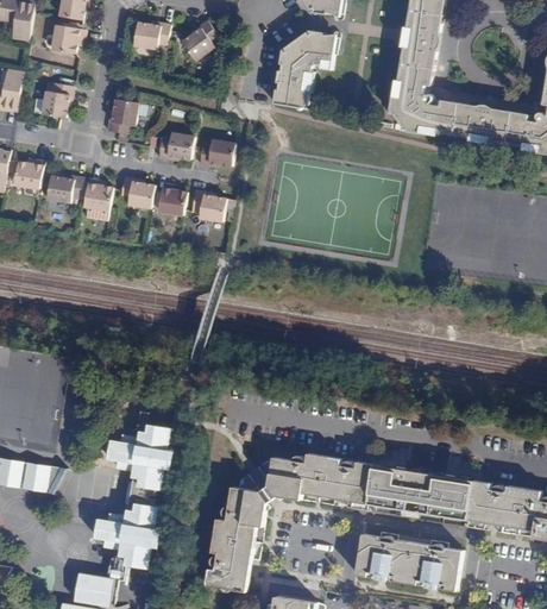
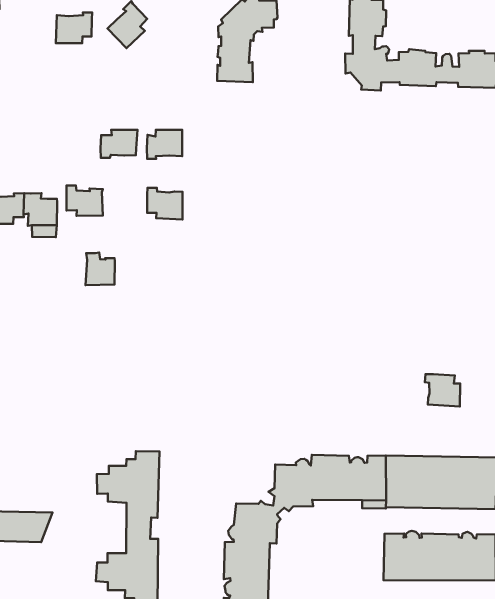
building: [106,99,138,133] -> none
building: [157,183,187,215] -> [86,253,115,285]
building: none -> [425,374,460,406]

